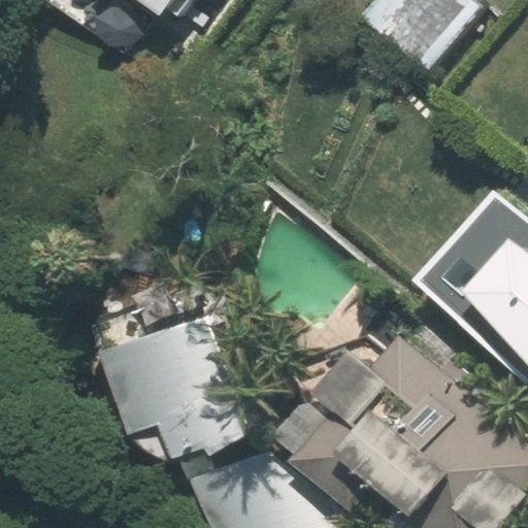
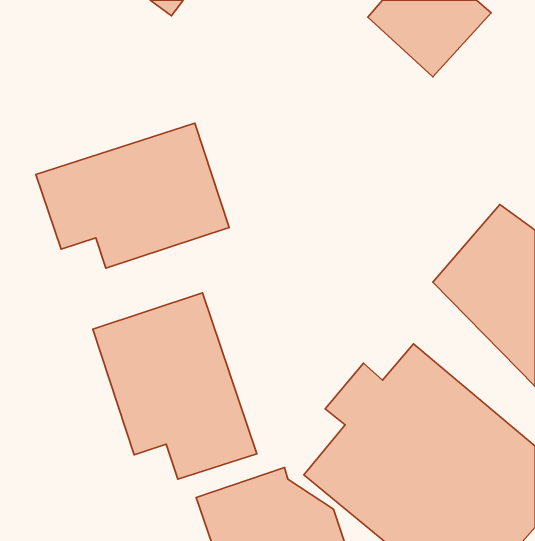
building: none -> [36,123,229,268]

